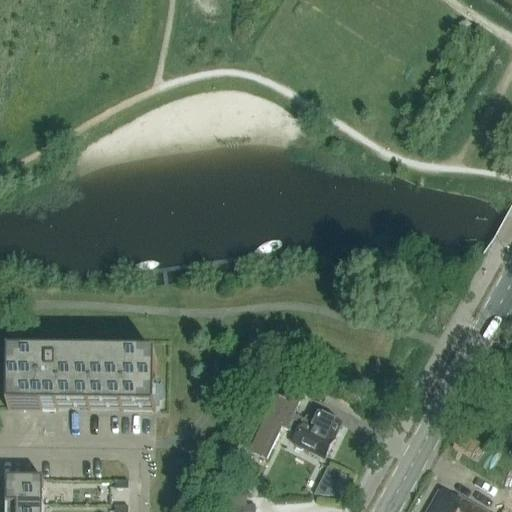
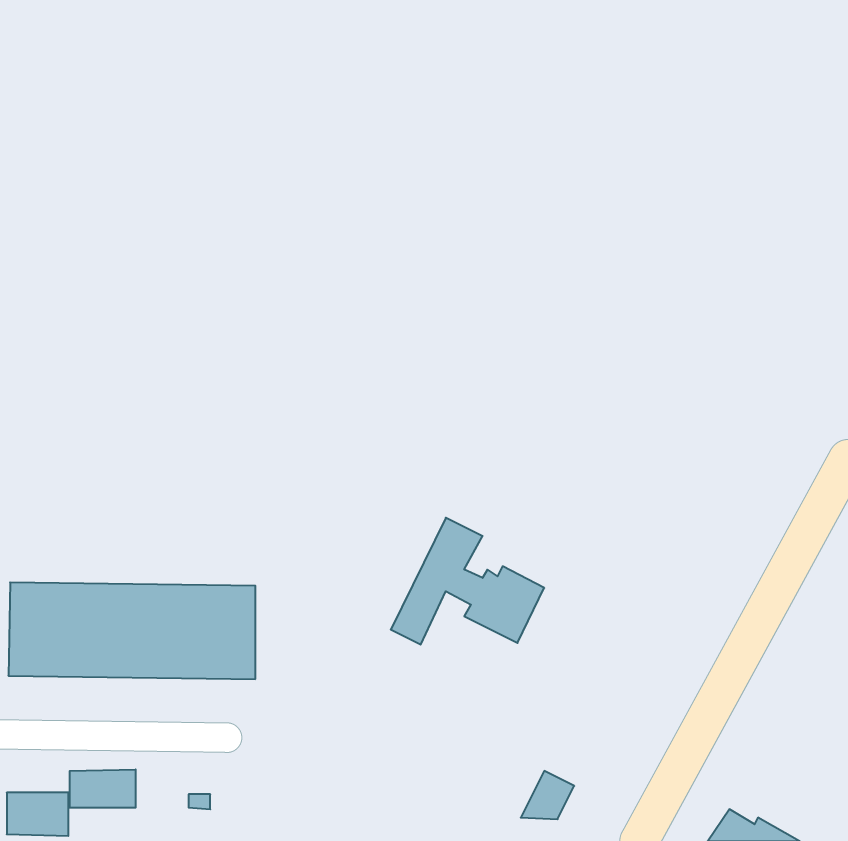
building: [247,379,339,455] -> [391,518,544,645]
building: none -> [70,769,136,808]

